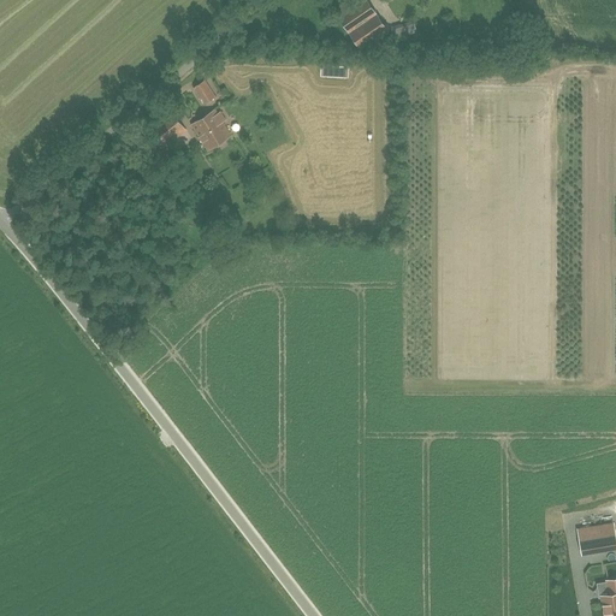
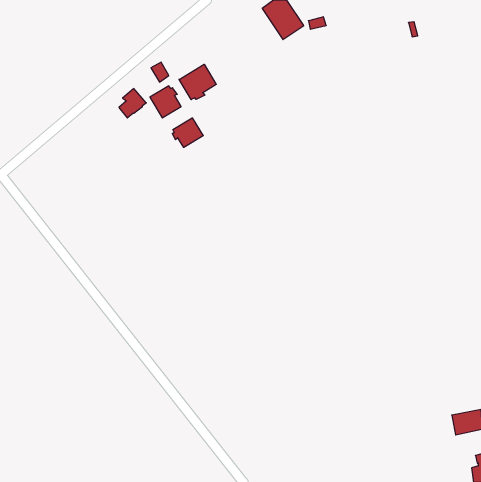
building: none -> [179,64,216,100]
building: none -> [172,118,203,147]

